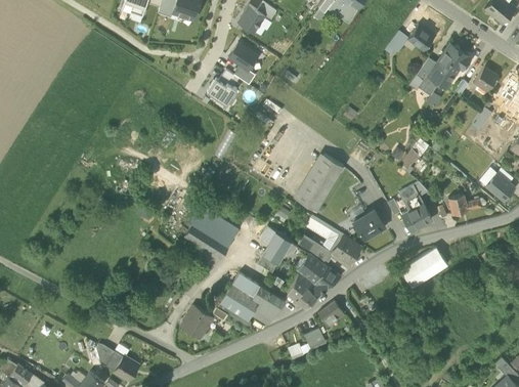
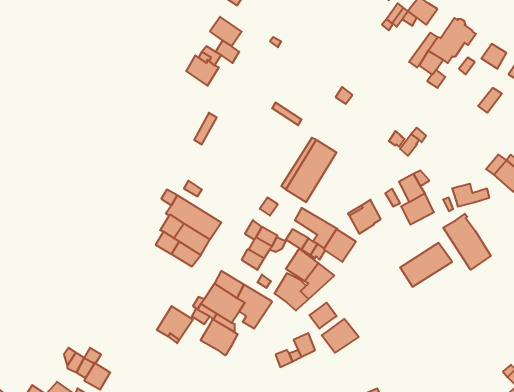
building: none -> [443,214,491,270]
building: none -> [322,319,359,353]
building: none -> [201,319,238,355]

